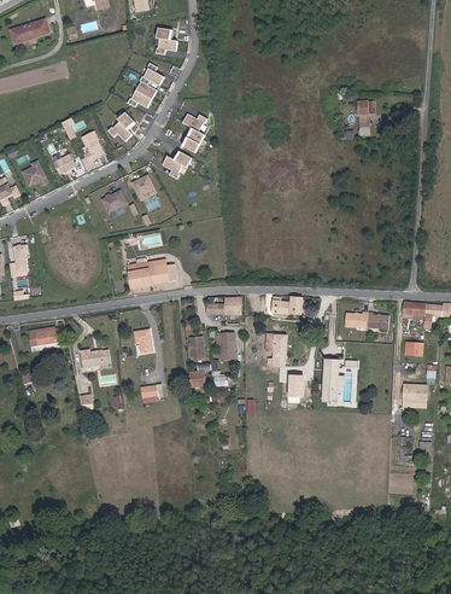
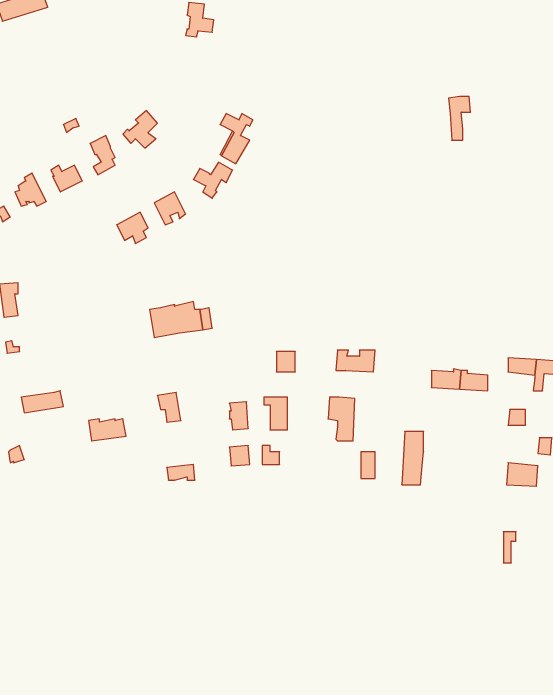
building: [127,63,164,107] -> none

